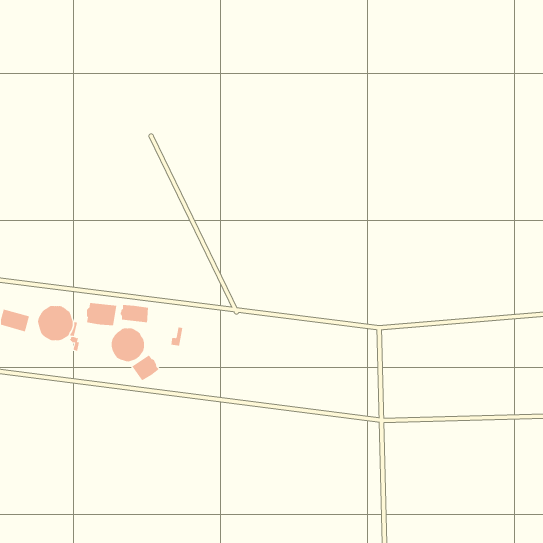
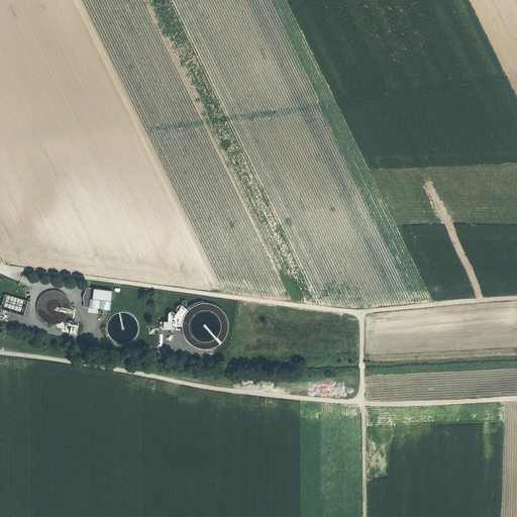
building: [120,304,149,323] -> none
building: [131,355,160,381] -> none

